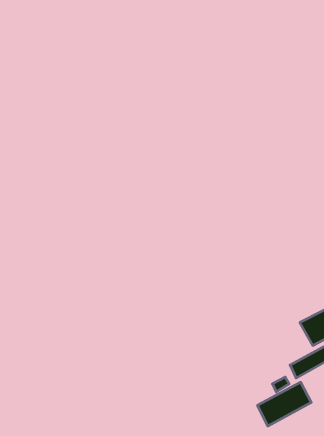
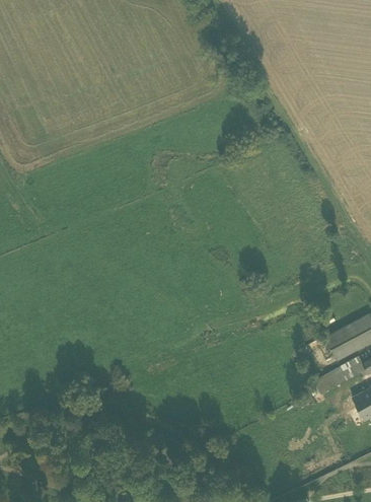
building: [258,382,311,426] -> none

